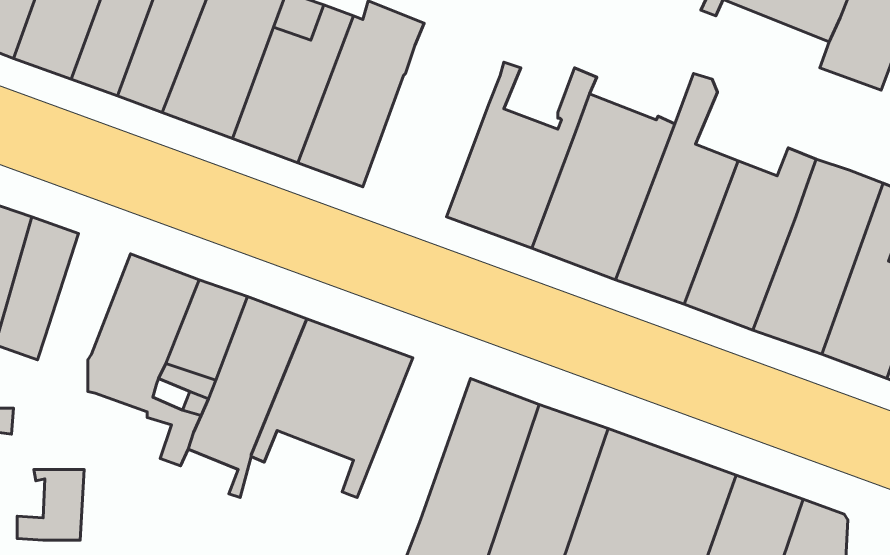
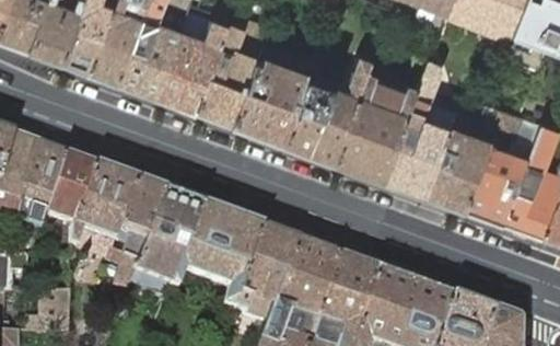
building: none -> [231,44,312,145]
building: none -> [44,154,94,226]
building: none -> [228,228,294,323]

